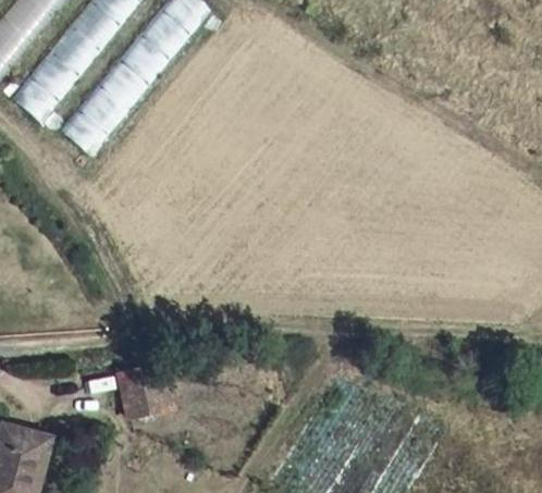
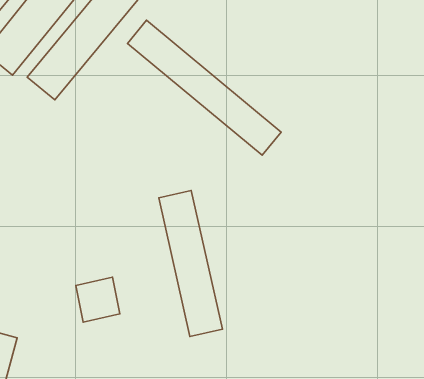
building: none -> [127,20,281,155]
building: none -> [159,191,222,336]

